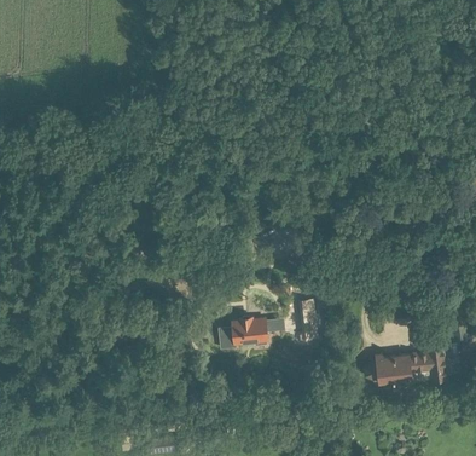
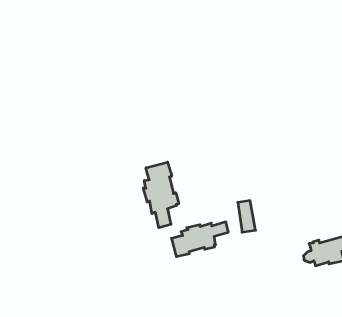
building: none -> [143,162,179,228]

